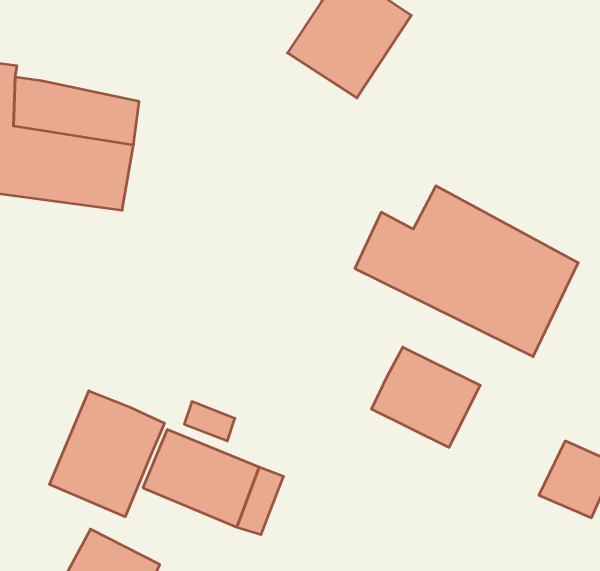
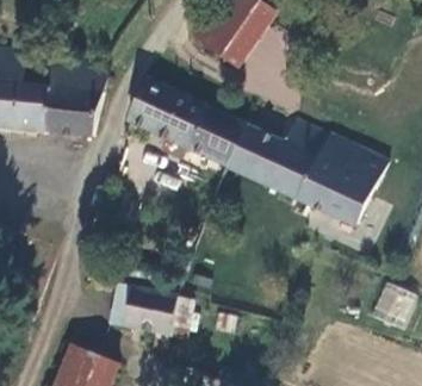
building: none -> [134,82,257,174]
building: [372,347,480,447] -> none
building: [49,391,164,517] -> none

